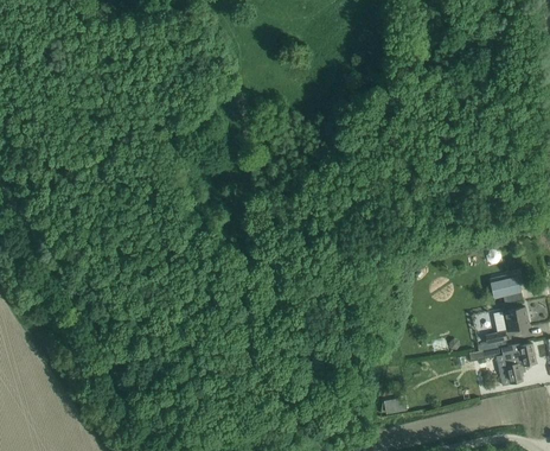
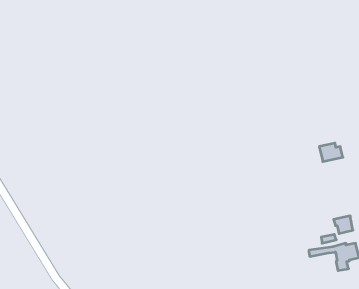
building: [490,274,522,299] -> [319,143,343,162]

